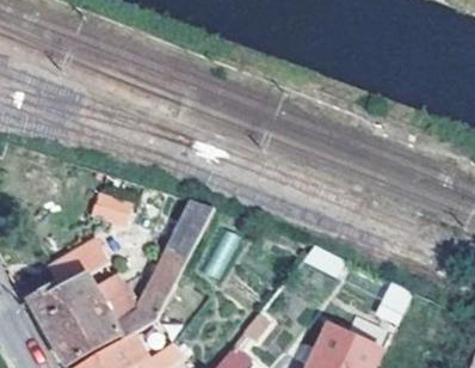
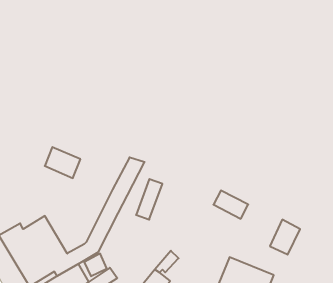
building: [54,238,137,323] -> none

